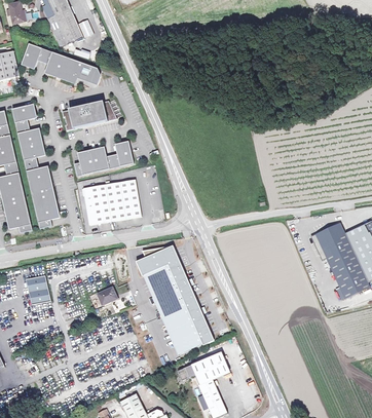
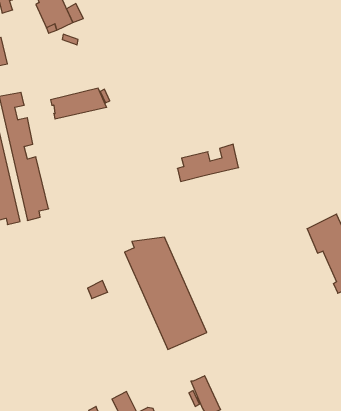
building: [21,44,101,84] -> none
building: [73,140,133,176] -> [177,144,239,181]
building: [82,179,140,224] -> none
building: [26,275,50,311] -> none
building: [190,351,229,384] -> none

